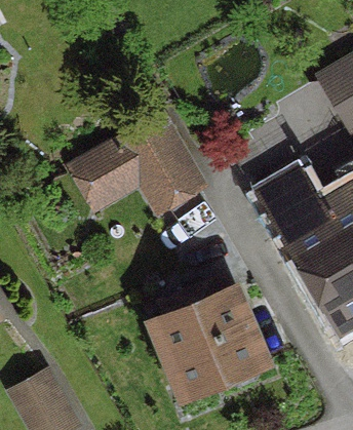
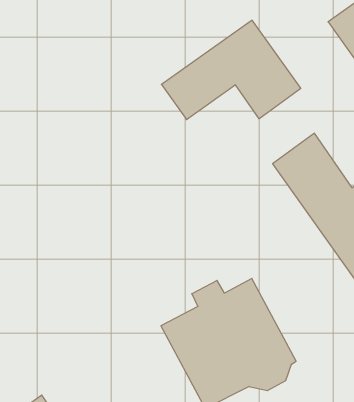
building: [78,123,196,207] -> [161,20,301,120]

